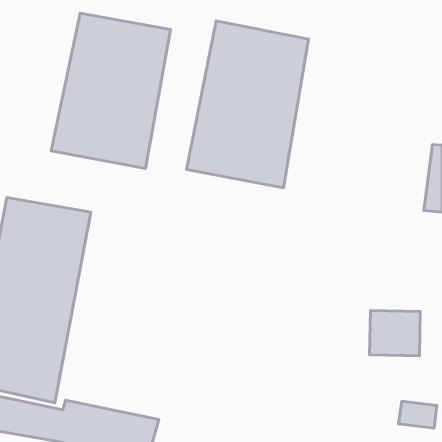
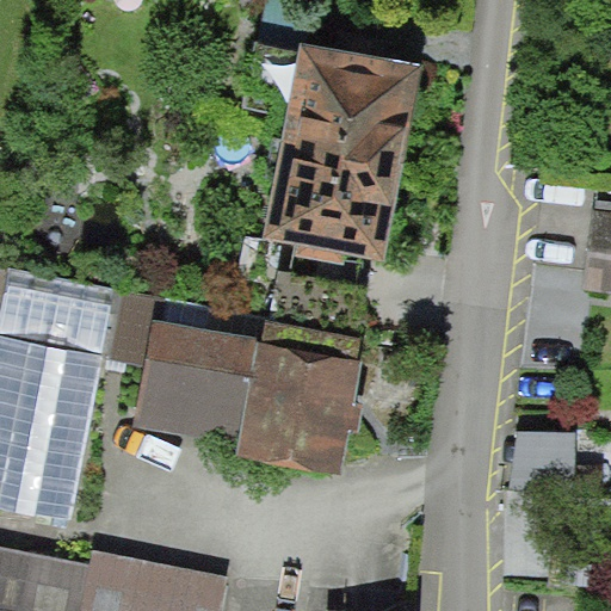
building: [51,13,171,169] -> none
building: none -> [124,315,358,488]

